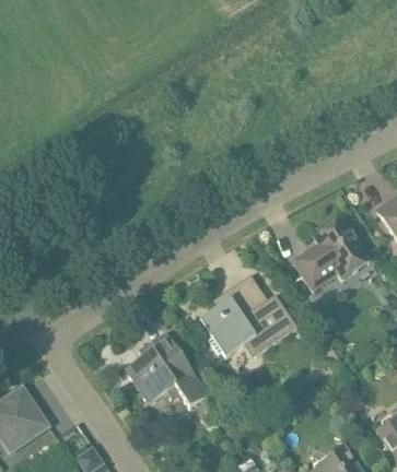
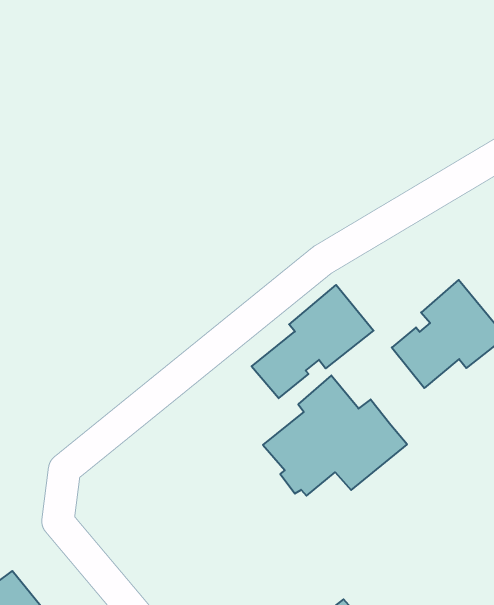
building: none -> [252,285,374,398]
building: [126,332,209,408] -> none

